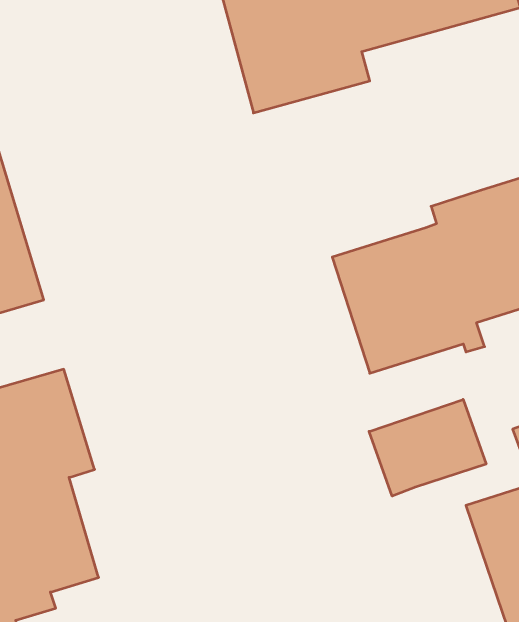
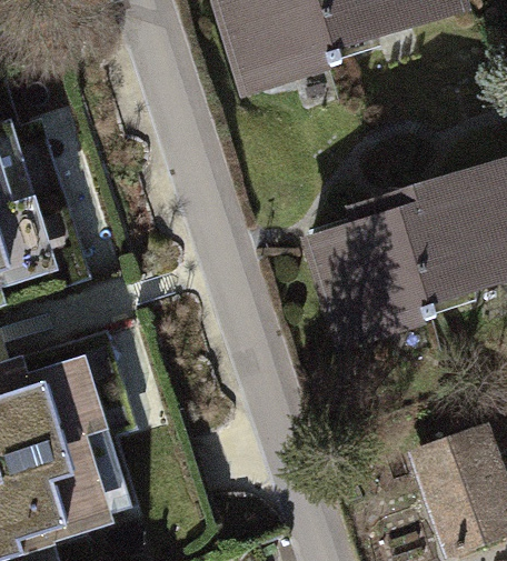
building: [369,399,486,496] -> none

